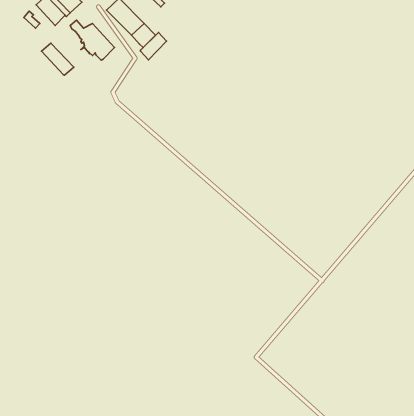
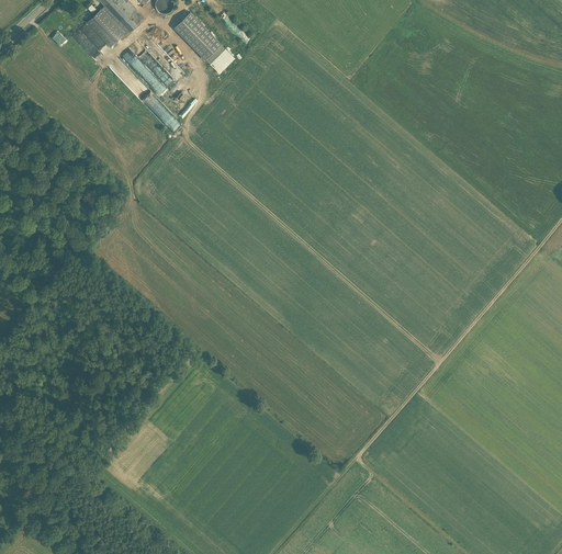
building: [140,32,167,60] -> none
building: [42,43,74,75] -> none

